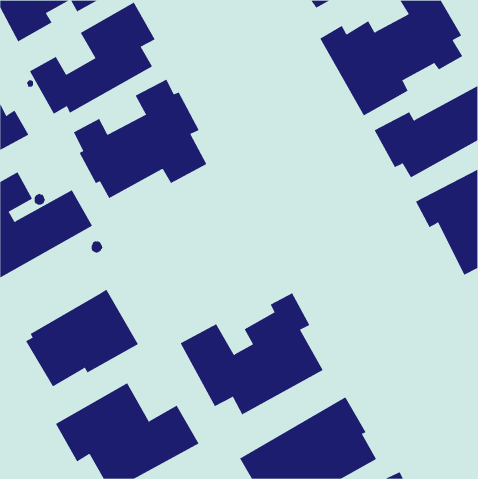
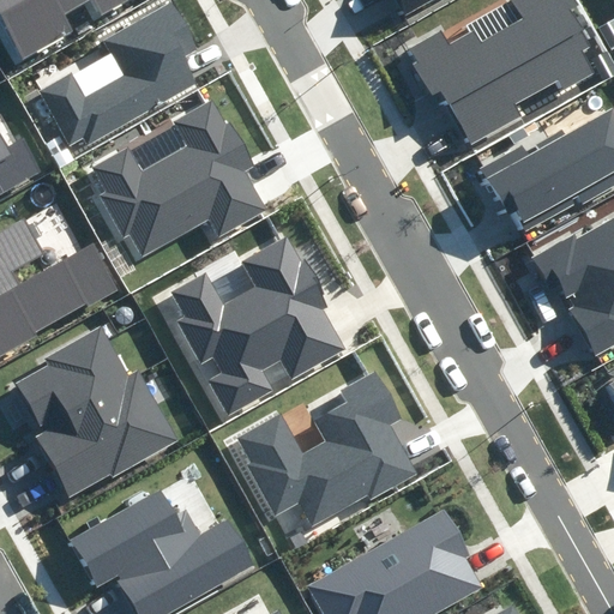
building: none -> [174,239,344,413]
building: none -> [11,330,127,427]

